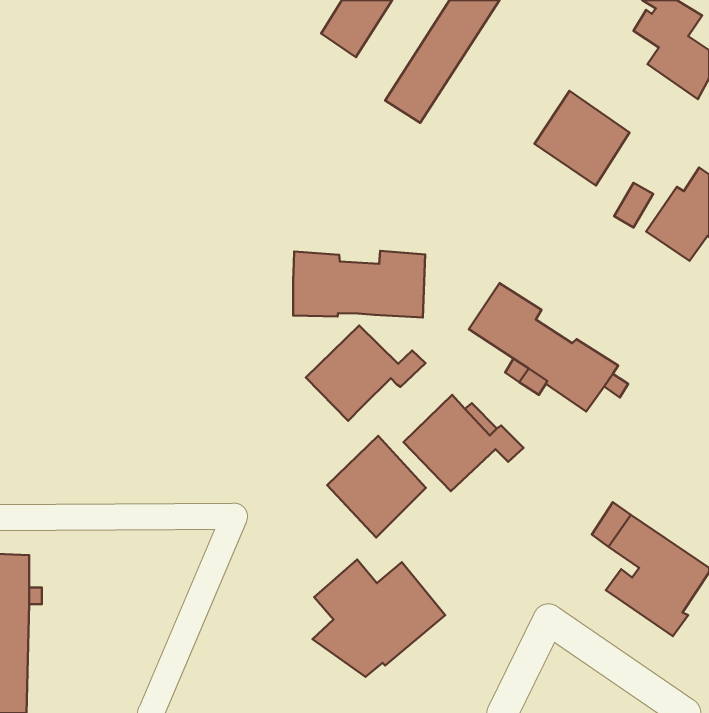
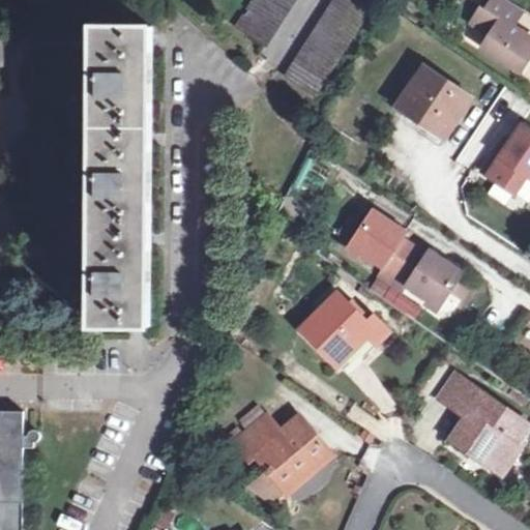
building: none -> [91,26,151,324]
building: [293,251,425,317] -> none
building: [306,326,426,421] -> none
building: [327,436,426,537] -> none

